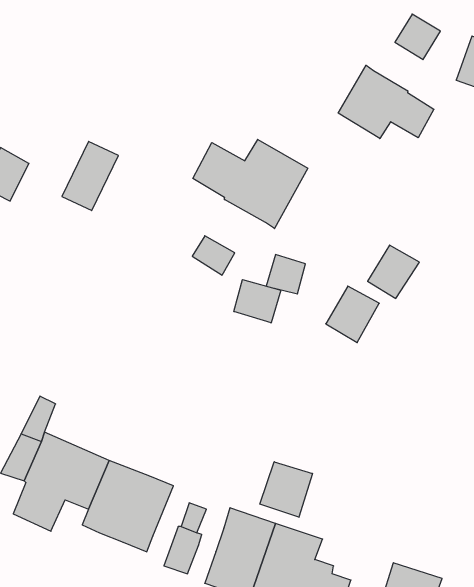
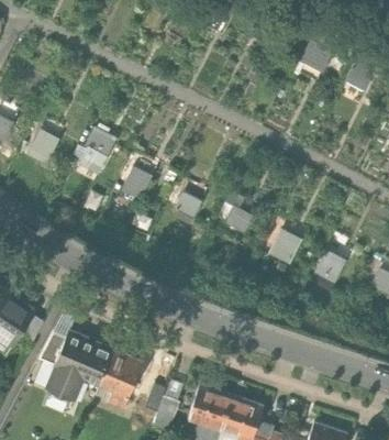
building: [338,65,434,139] -> none
building: [193,139,308,229] -> none
building: none -> [119,165,152,199]
building: [368,245,419,298] -> [309,248,345,285]
building: [234,280,281,323] -> none
building: [260,462,312,517] -> none

